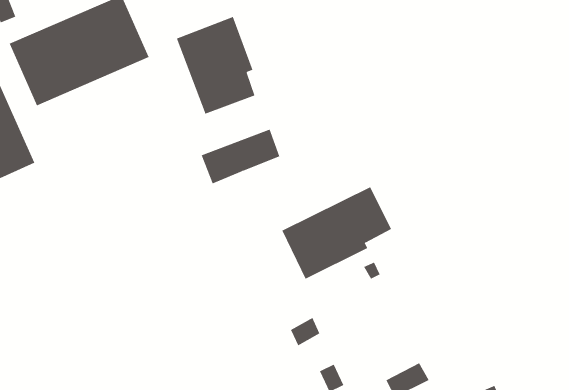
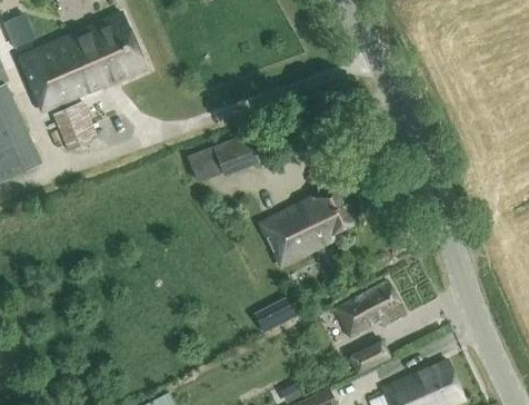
building: [176,16,255,115] -> none
building: none -> [52,101,98,151]
building: none -> [335,280,405,337]

